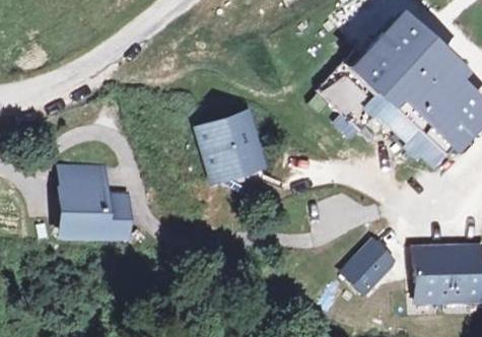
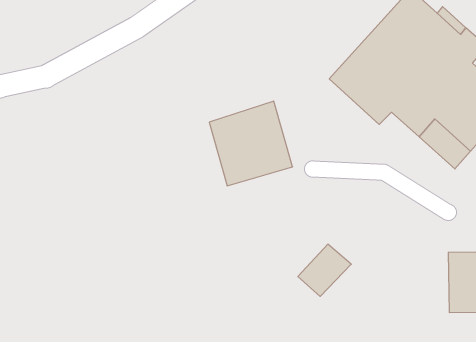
building: [65,163,123,235] -> none
building: [353,242,402,289] -> [298,244,351,296]

